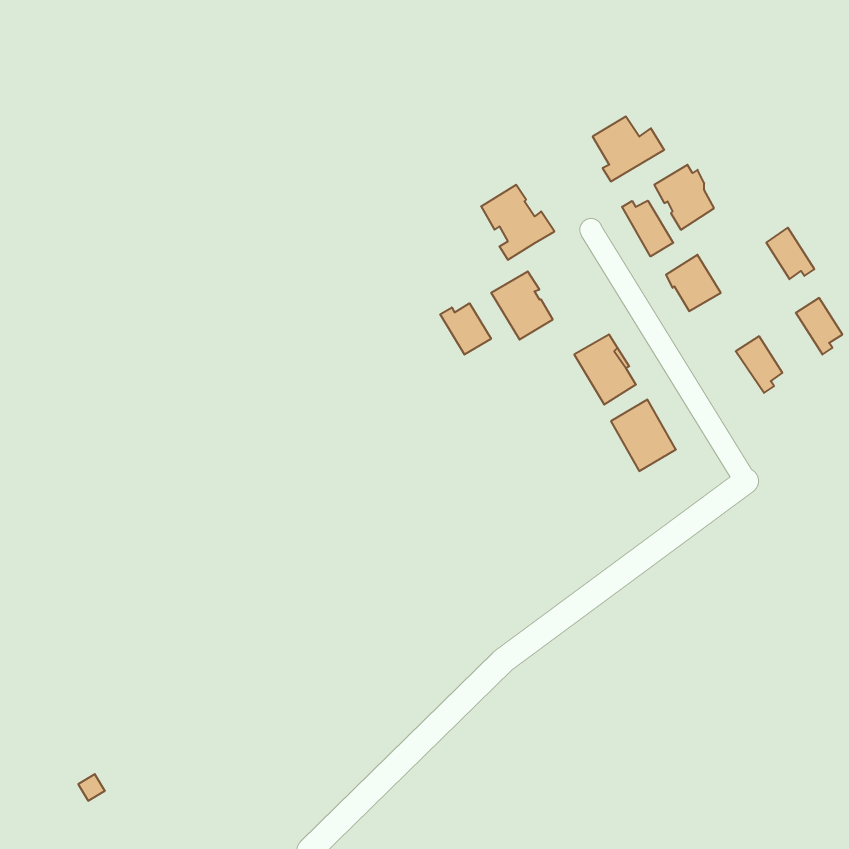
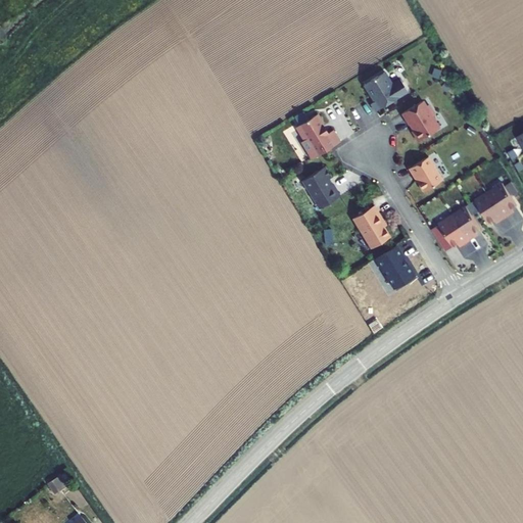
building: [622,201,673,256] -> none
building: [766,228,814,279] -> [475,193,505,225]
building: [440,303,491,355] -> none
building: none -> [431,217,469,248]

